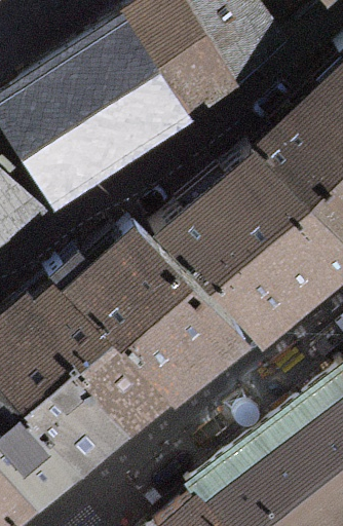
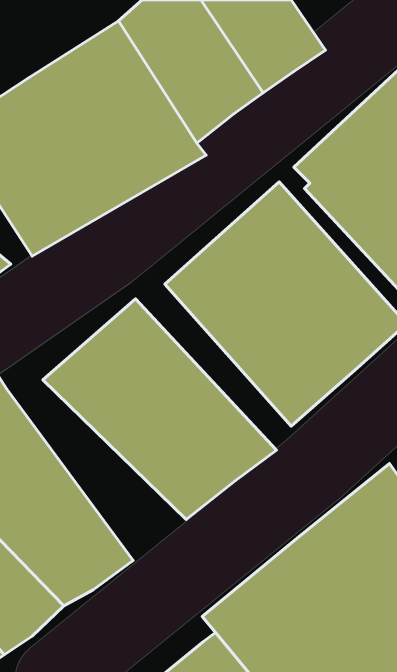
building: [37,292,176,439] -> none

